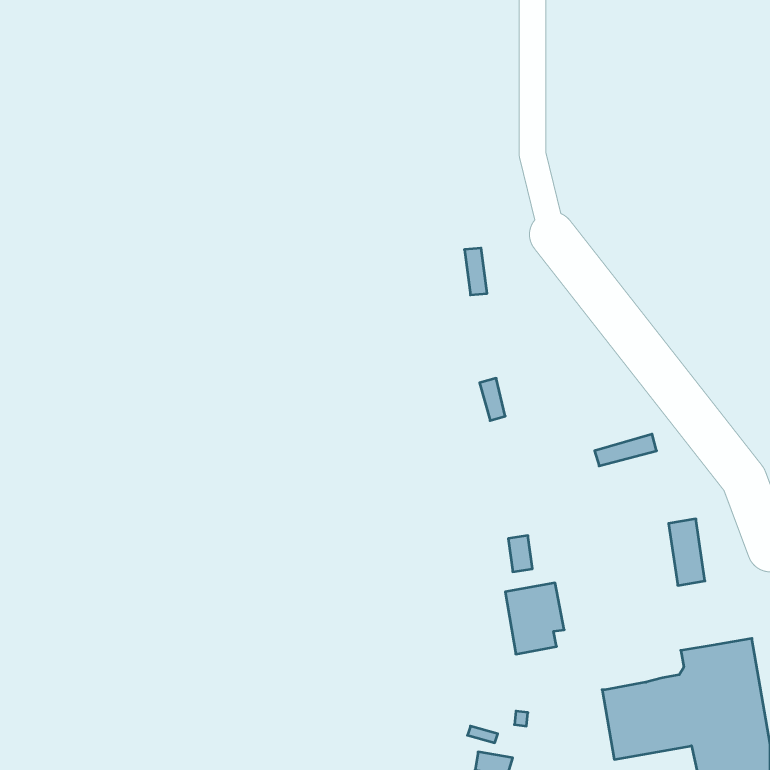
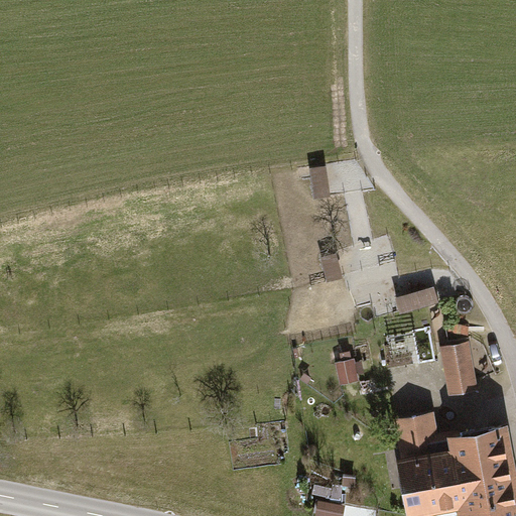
building: [505,583,564,654] -> [396,414,435,462]

